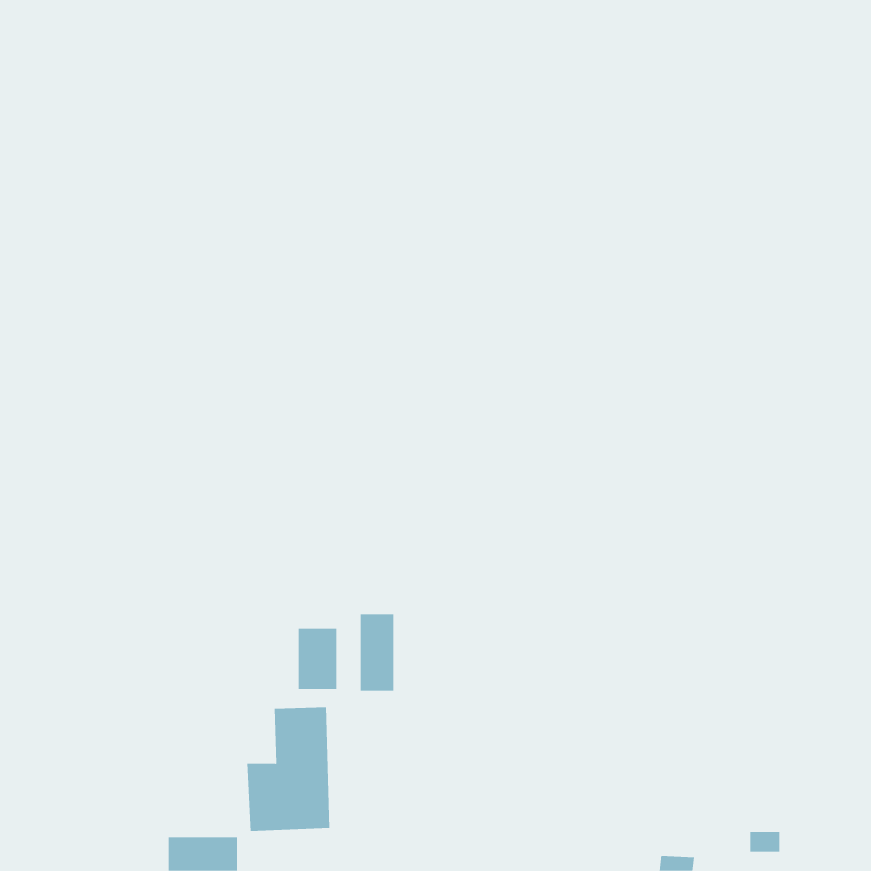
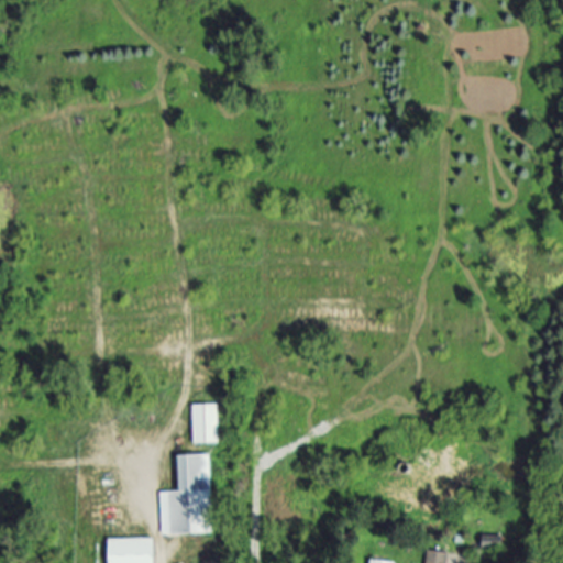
building: [360,614,394,692] -> none

